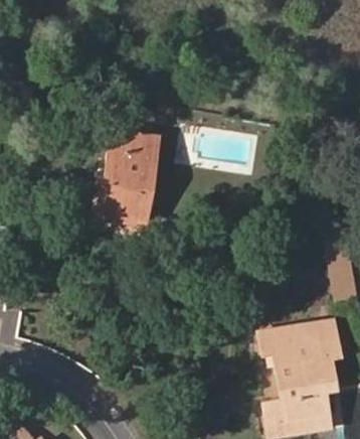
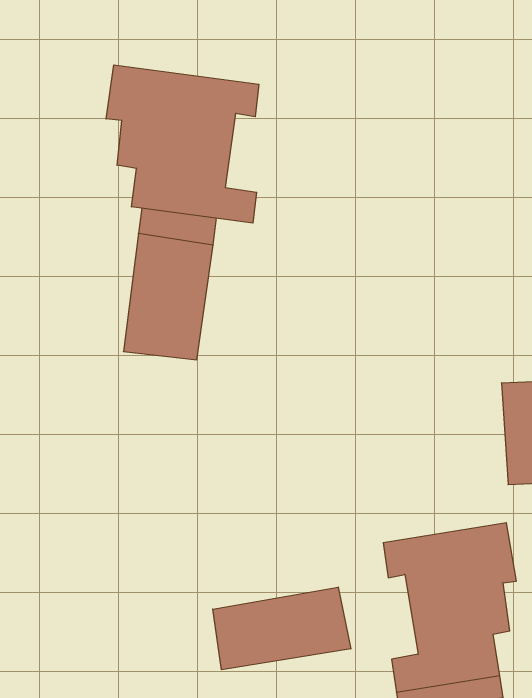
building: none -> [106,65,259,223]
building: none -> [213,587,351,670]

